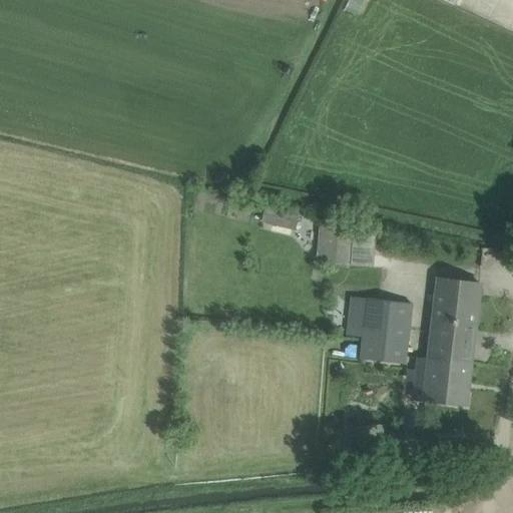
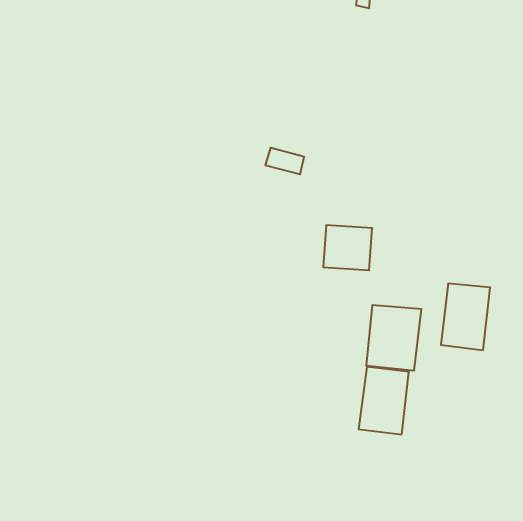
building: [260,203,298,229] -> [265,148,304,174]
building: [423,338,472,404] -> [359,367,409,434]

